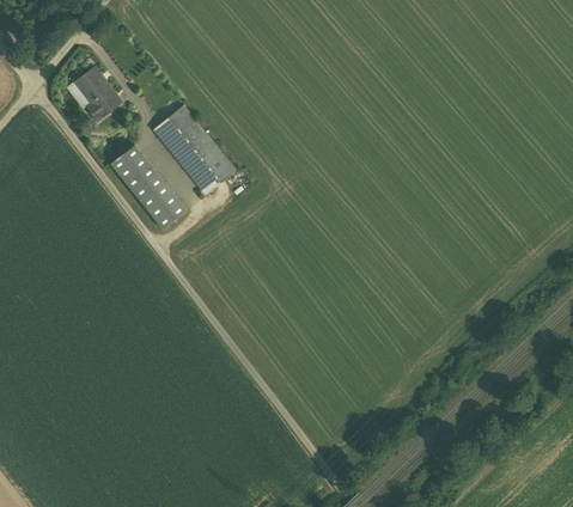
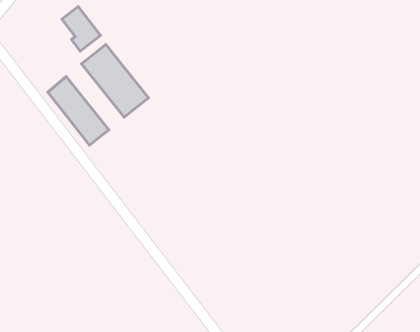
building: [73,65,121,120] -> [62,7,100,51]

